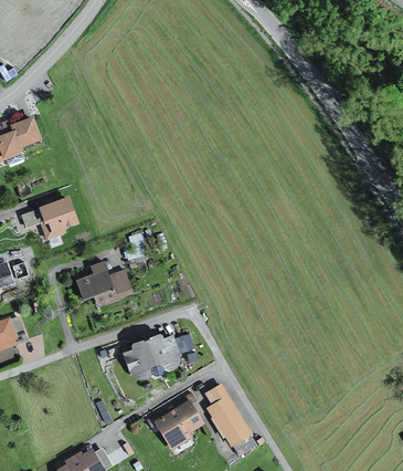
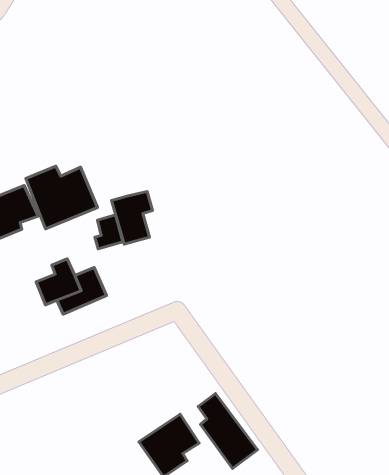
building: none -> [26,166,97,229]
building: none -> [111,192,152,244]
building: [121,332,180,378] -> none

